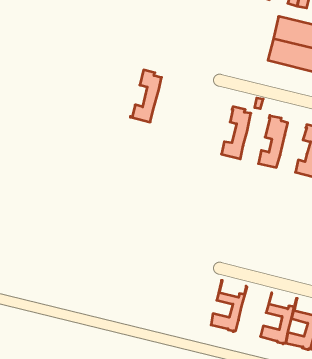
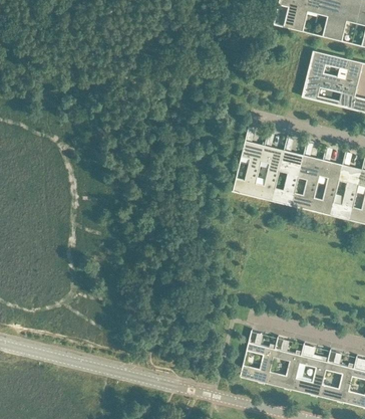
building: [130,70,162,122] -> [231,140,264,195]
building: none -> [272,150,303,205]
building: none -> [310,159,342,214]
building: none -> [267,336,305,390]

